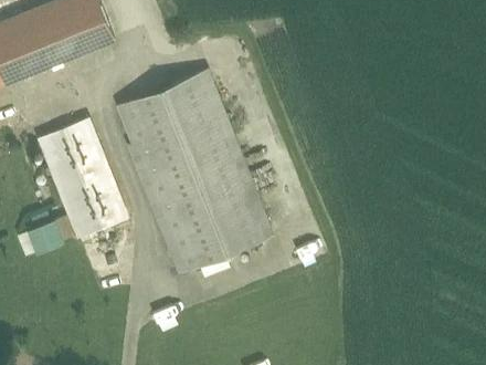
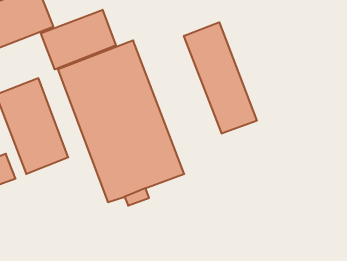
building: none -> [41,10,116,69]
building: none -> [184,22,257,134]

